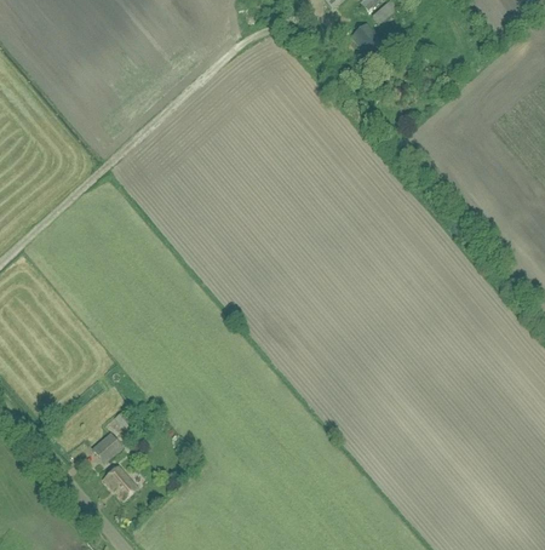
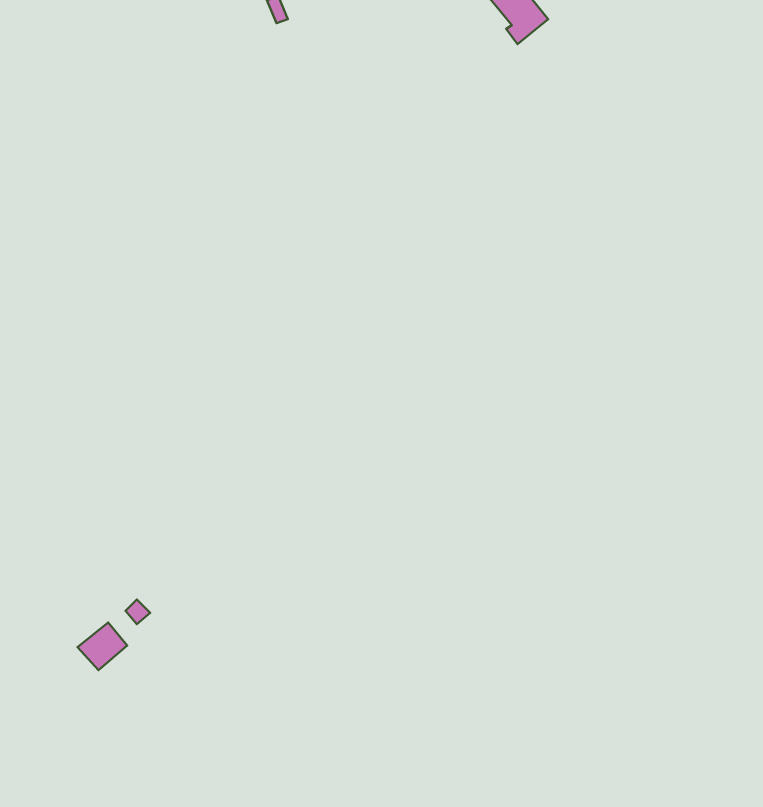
building: [103,464,137,498] -> none

